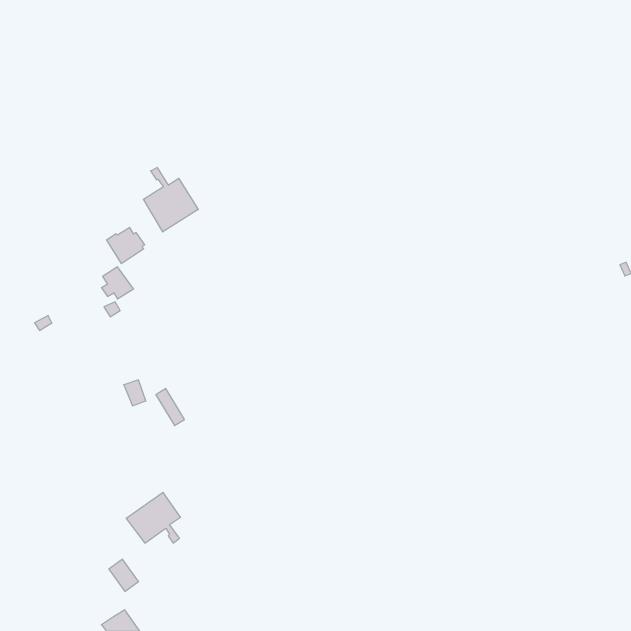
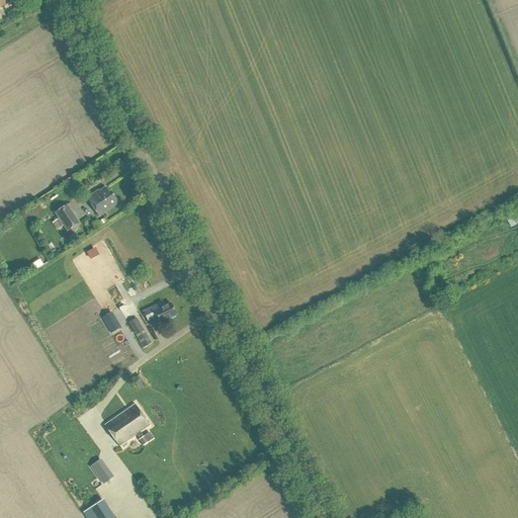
building: [143,167,198,232] -> none
building: [101,267,134,299] -> [55,203,81,230]
building: none -> [143,303,176,322]

